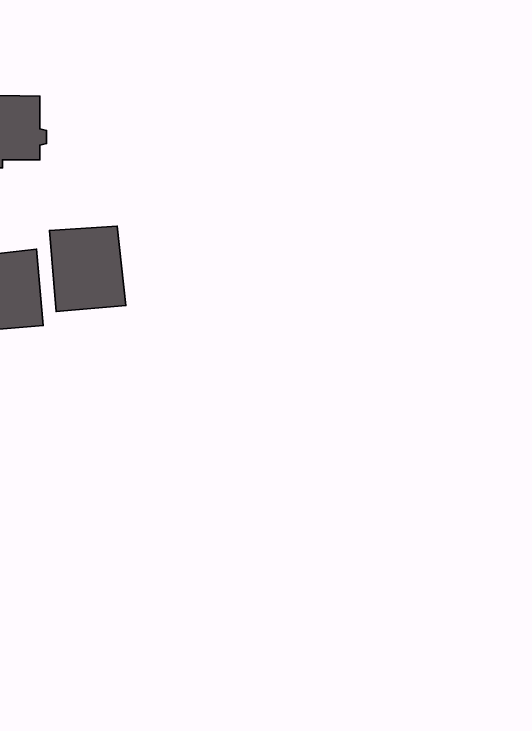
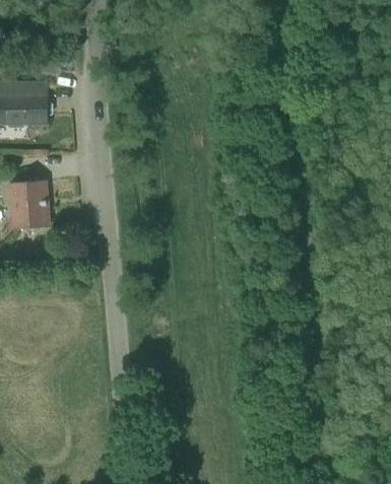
building: [49,226,126,312] -> none

